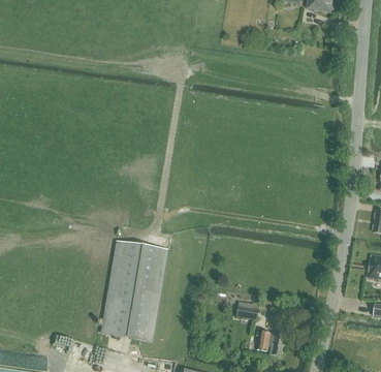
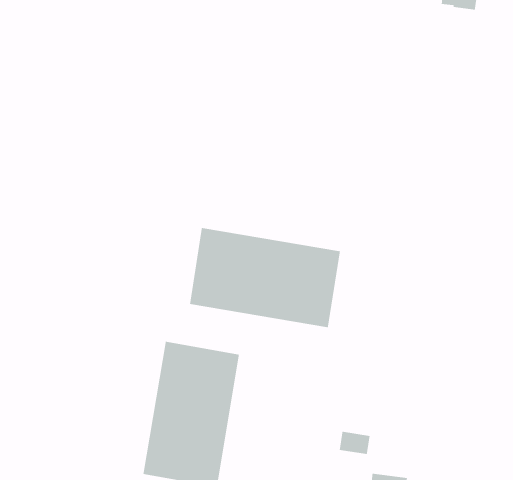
building: none -> [189,227,341,328]

